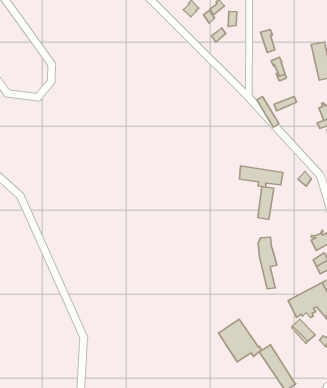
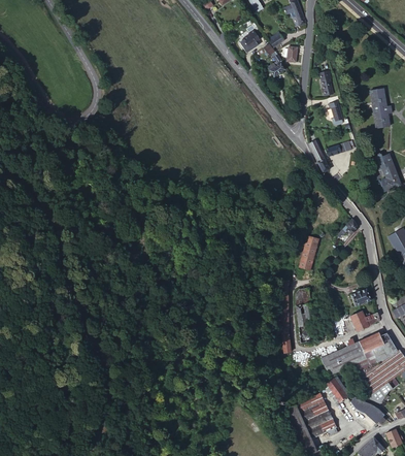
building: [239,166,283,187] -> none
building: [219,319,262,362] -> [299,388,342,432]

